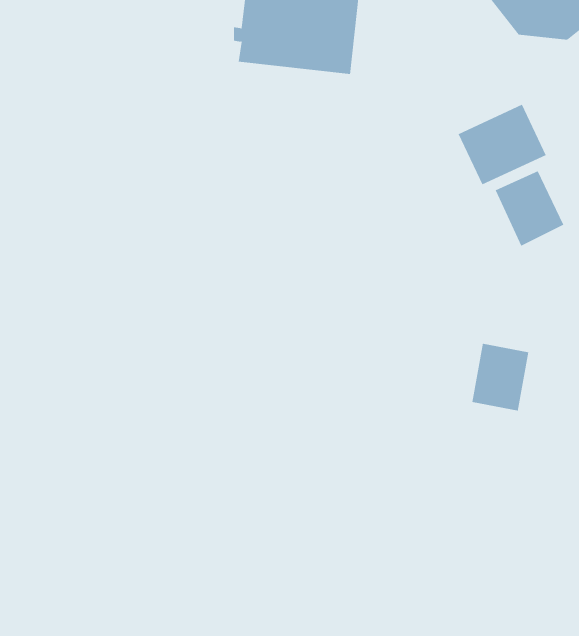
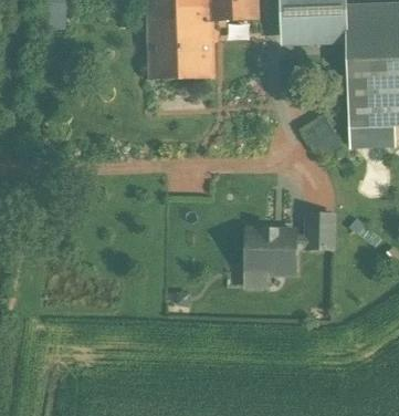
building: [458,104,547,185] -> none
building: none -> [245,229,295,274]

